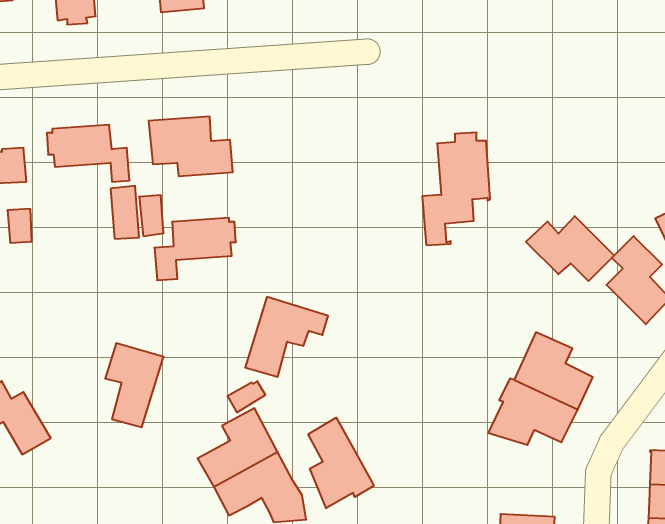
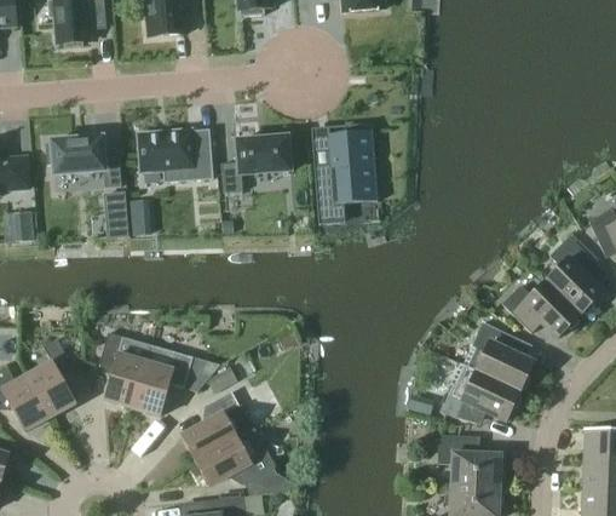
building: [422,133,490,245] -> [315,124,375,224]
building: [526,216,614,281] -> [501,280,580,338]
building: [154,218,236,280] -> [220,137,293,193]
building: [245,297,328,377] -> [131,344,205,415]
building: none -> [25,339,75,417]
building: [308,418,374,508] -> none
building: none -> [437,435,500,487]

